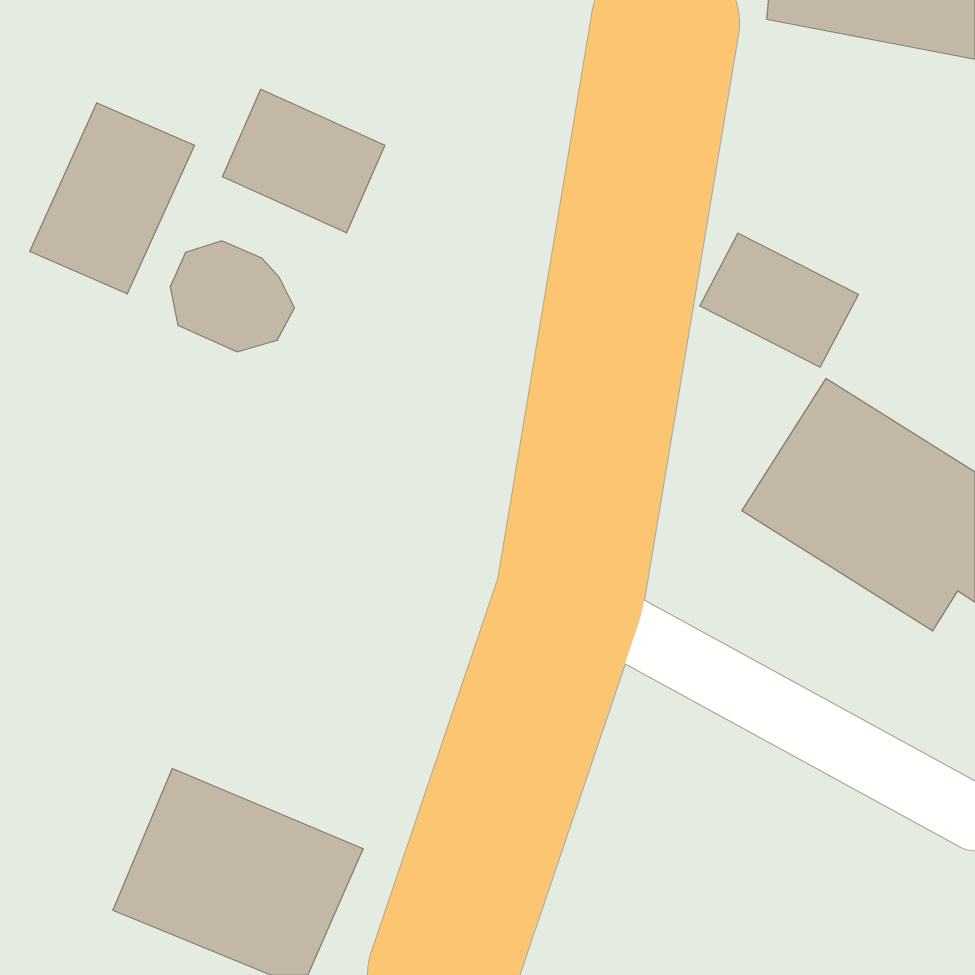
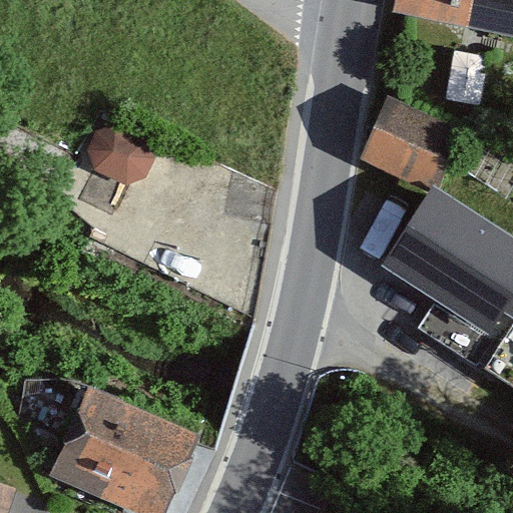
building: [223,89,385,233] -> none
building: [30,103,194,294] -> none

